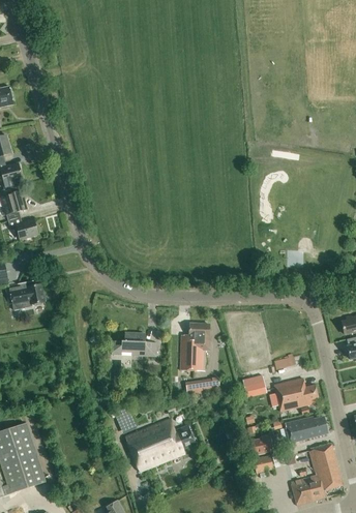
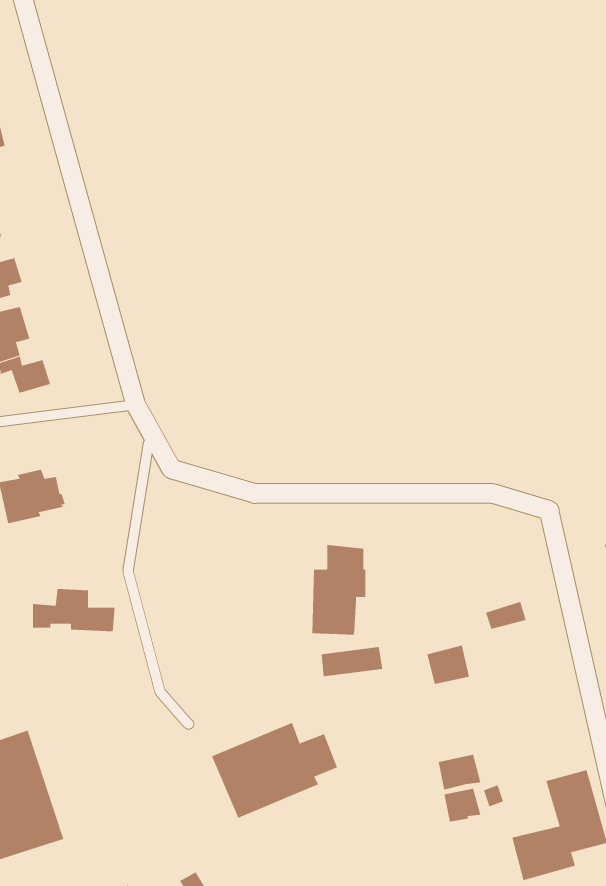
building: [112,331,157,355] -> [32,588,115,632]
building: [270,378,320,411] -> none
building: [286,416,327,442] -> none

